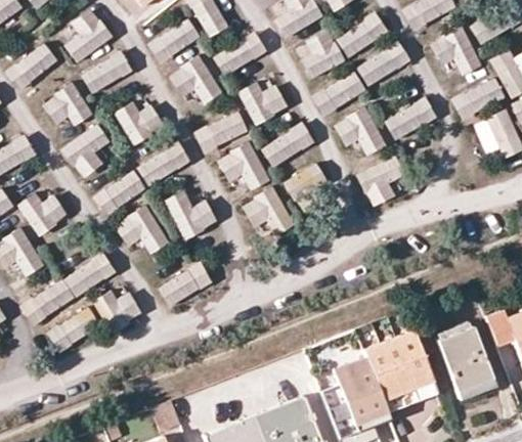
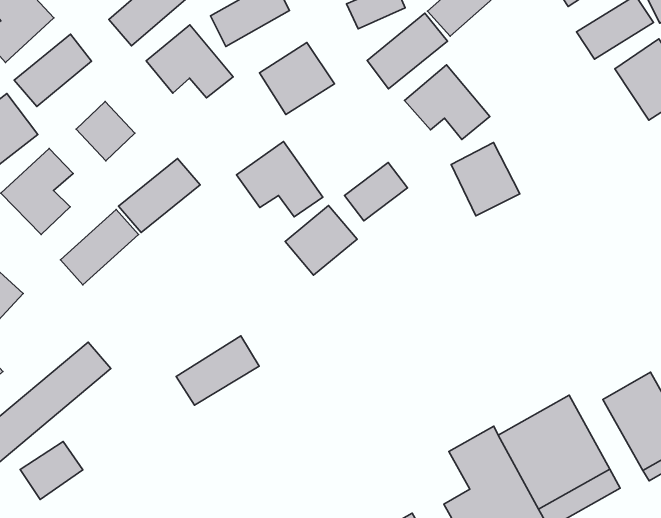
building: [384,98,437,139] -> none
building: [194,111,247,151] -> none
building: [261,122,314,168] -> none
building: [165,189,217,239] -> none
building: [115,204,171,254] -> none
building: [97,288,141,329] -> none

